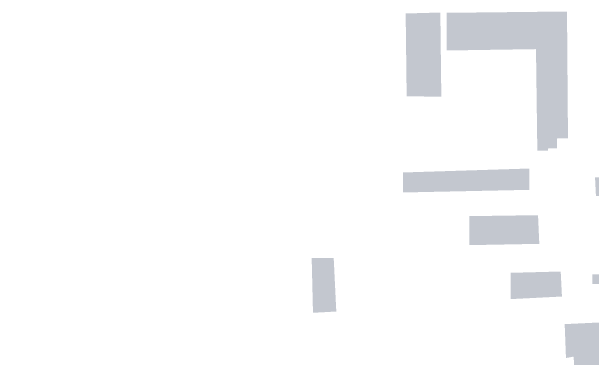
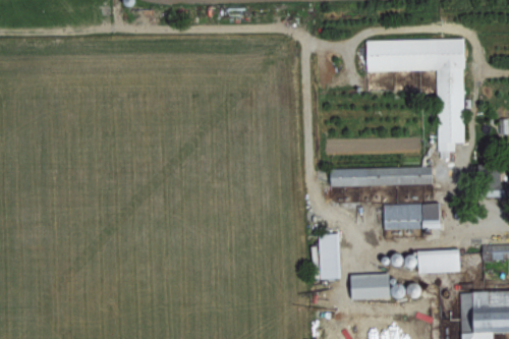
building: [405,12,442,97] -> none
building: [311,257,337,314] -> [319,233,340,279]
building: none -> [349,274,388,299]

